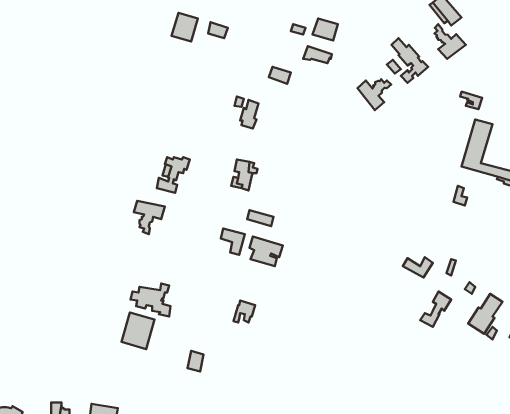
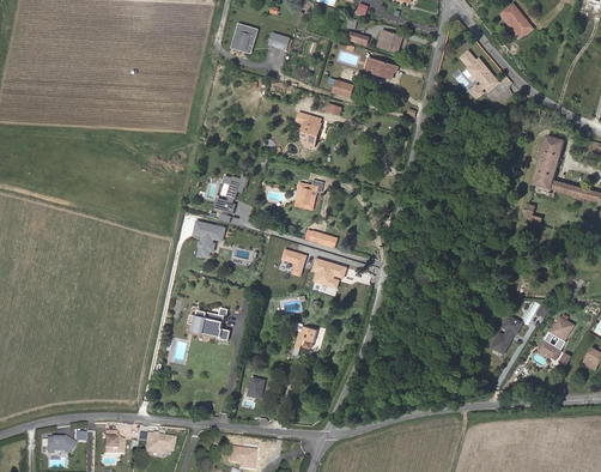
building: [435,24,466,59] -> none
building: [357,79,391,110] -> none
building: [121,312,155,349] -> none

